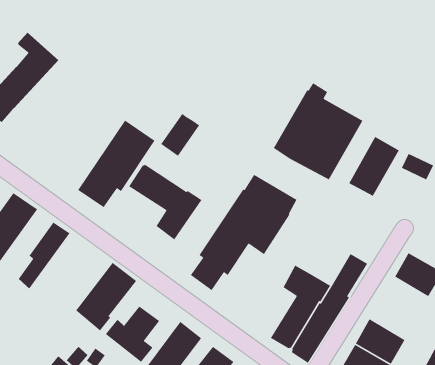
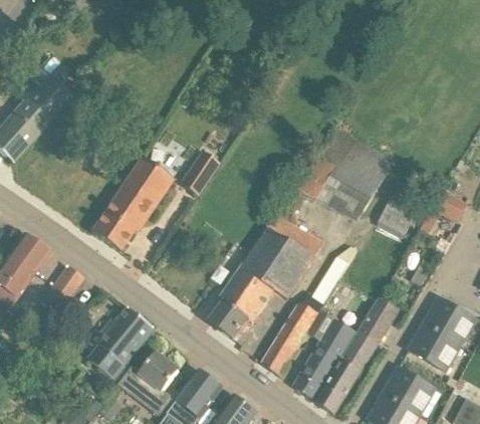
building: [128,163,202,240] -> none
building: none -> [261,255,347,375]
building: none -> [409,323,460,371]

